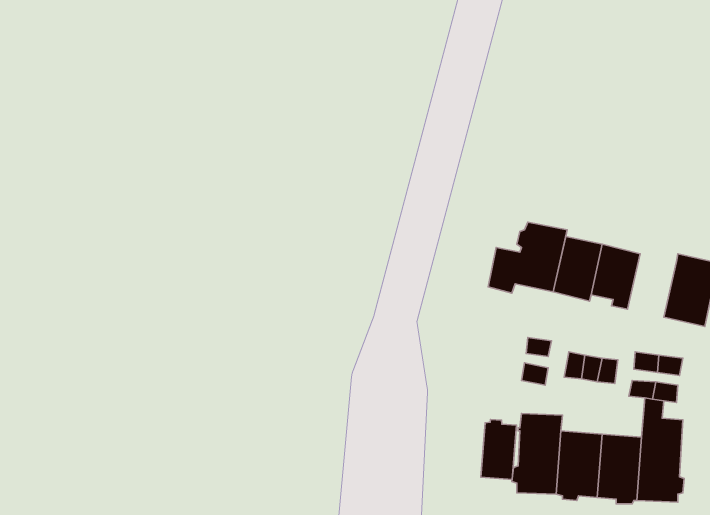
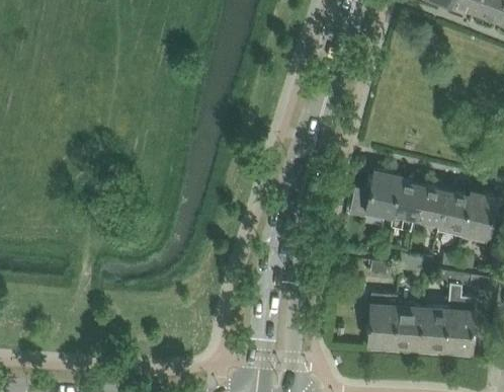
building: none -> [438,191,471,236]
building: [481,420,517,480] -> none

